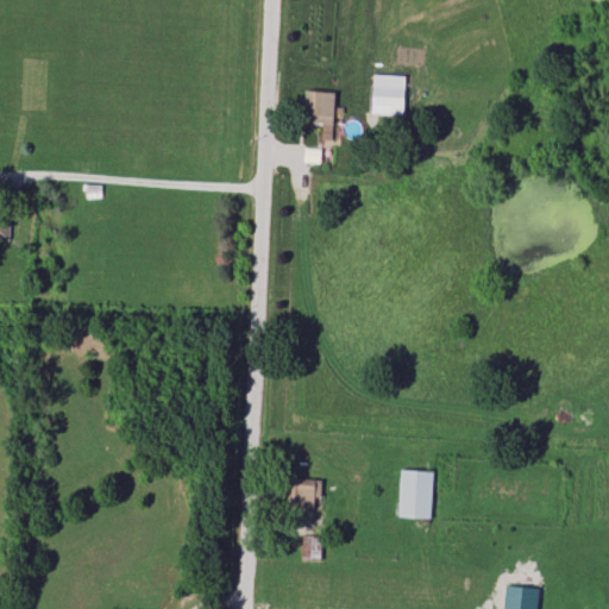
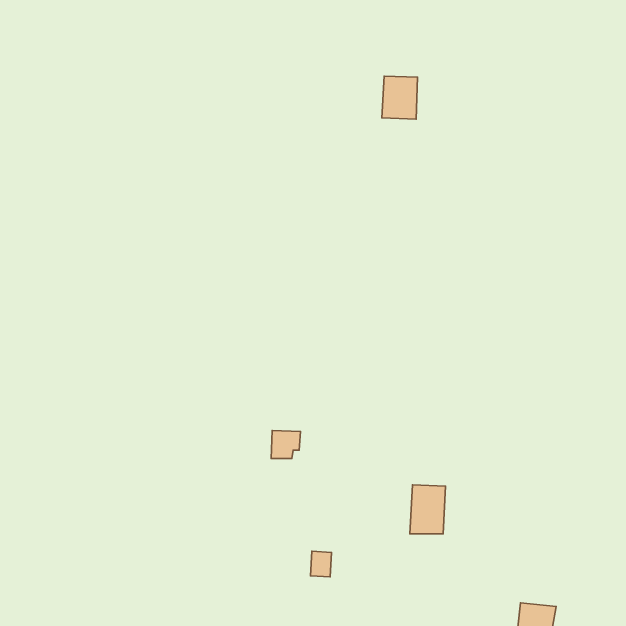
building: [302,90,334,138] -> none
building: [294,479,322,507] -> [271,430,301,459]

